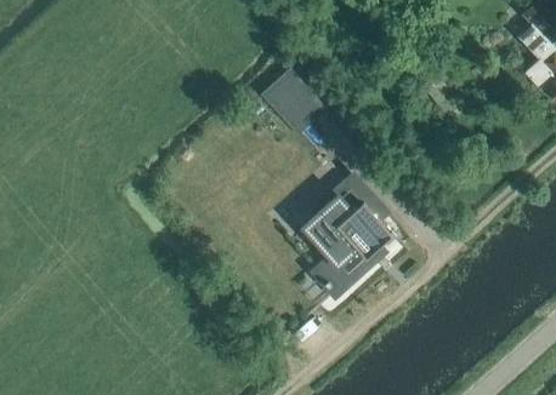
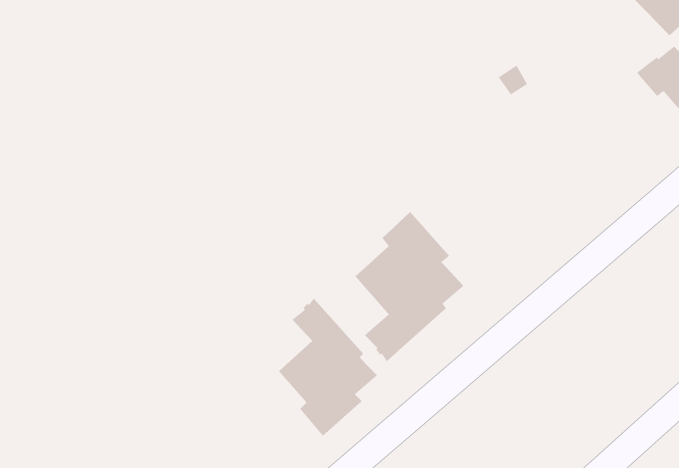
building: [265,78,316,130] -> none
building: none -> [278,298,378,436]

